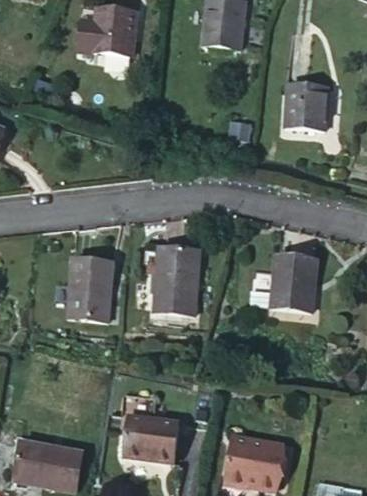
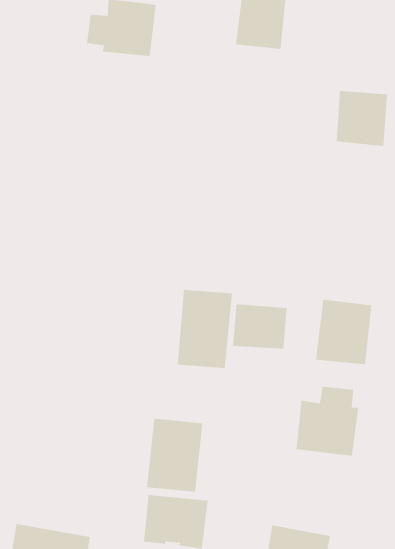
building: [67,258,114,319] -> [146,418,203,492]
building: none -> [232,303,287,350]
building: none -> [296,386,359,456]

